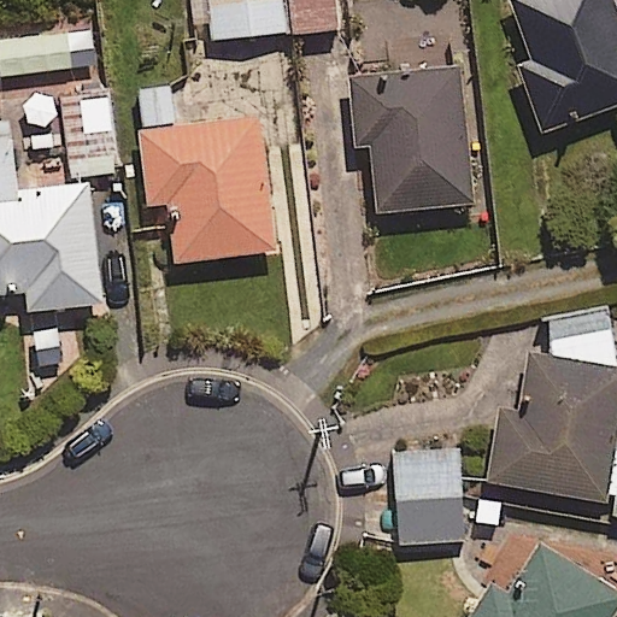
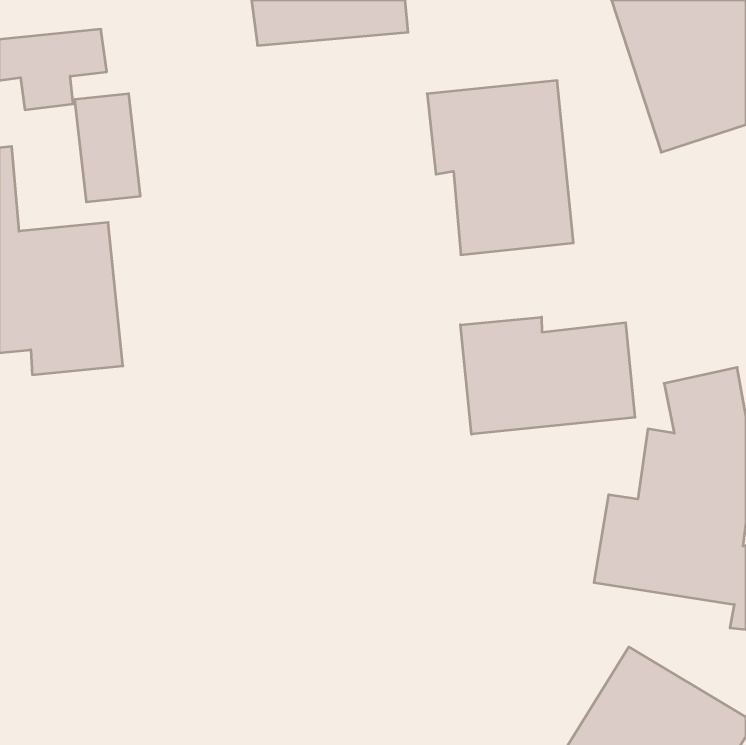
building: [136,83,275,262] -> none
building: none -> [460,317,635,434]
building: [394,451,463,545] -> none

